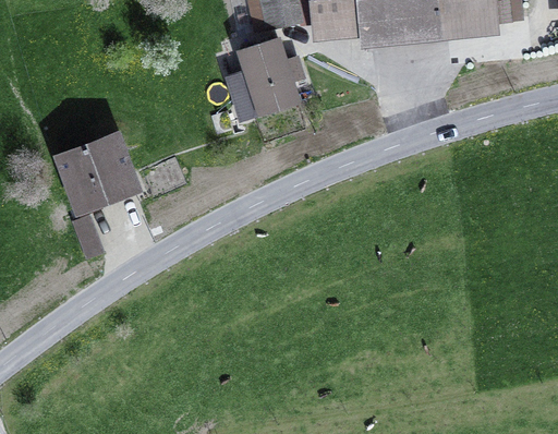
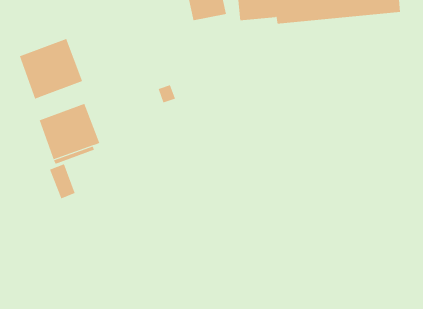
building: [232,38,301,118] -> none
building: none -> [19,38,83,100]

